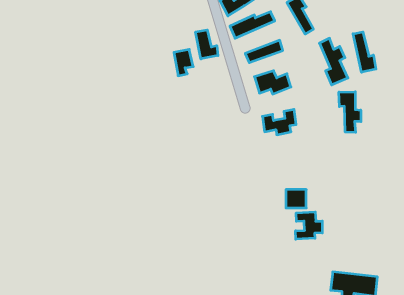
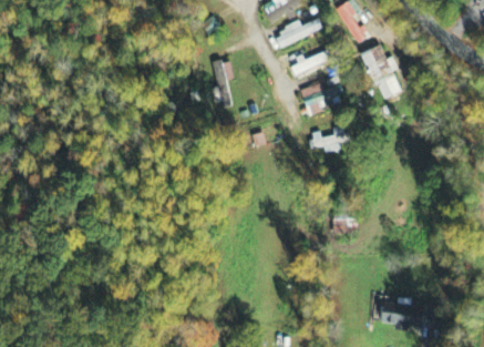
building: [196,30,218,59] -> none
building: [353,32,376,72] -> none
building: [339,92,361,132] -> none
building: [296,212,322,239] -> none

